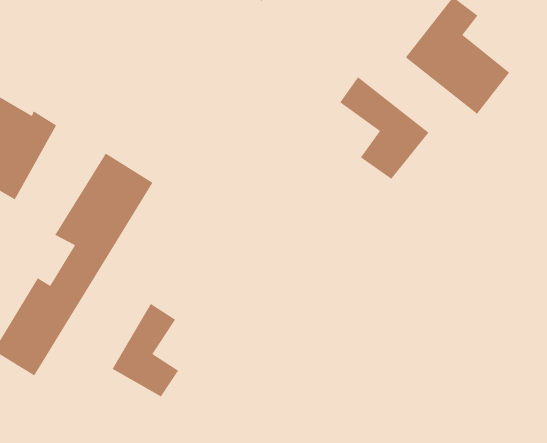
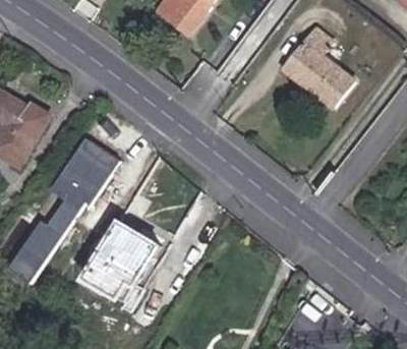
building: [339,76,430,180] -> none
building: none -> [112,223,160,285]

